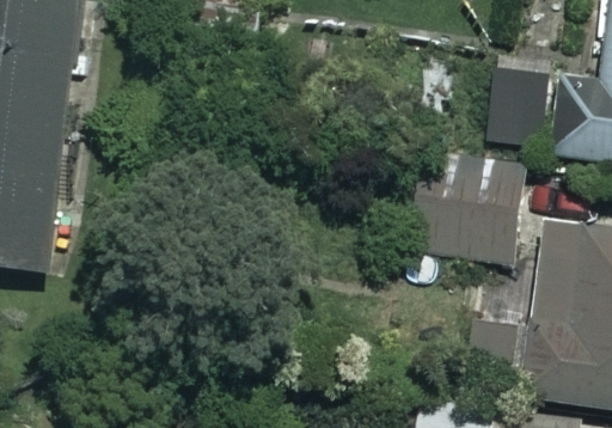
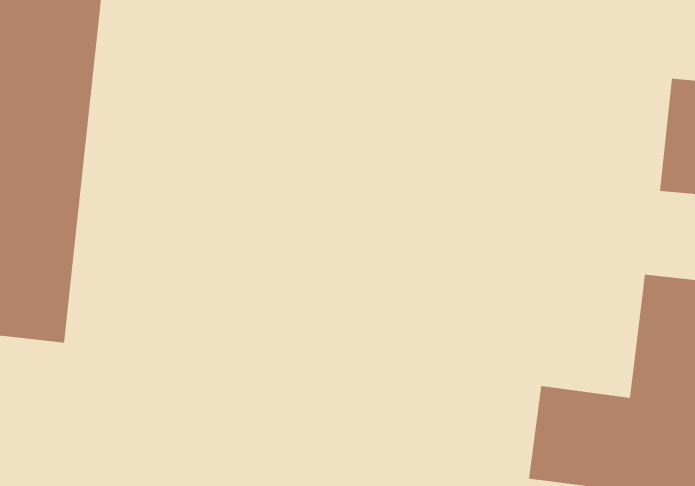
building: [415,166,520,262] -> none

